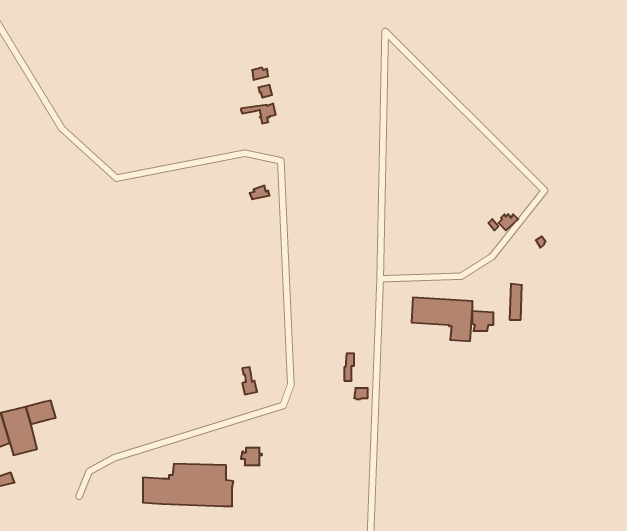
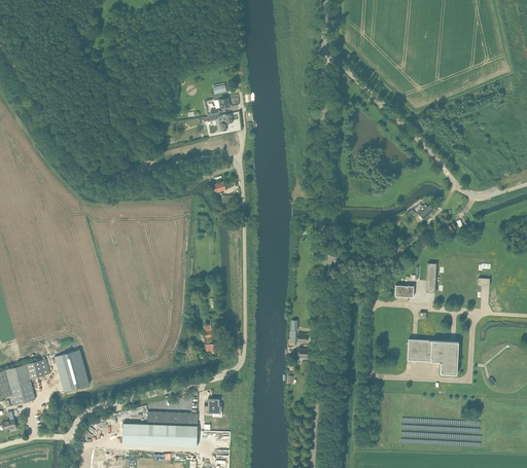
building: [412,298,473,341] -> [408,338,458,374]
building: none -> [55,349,90,391]

